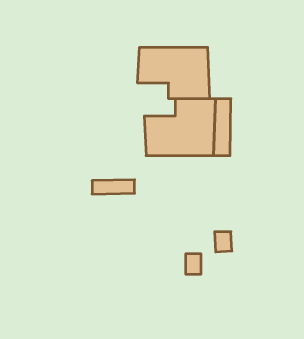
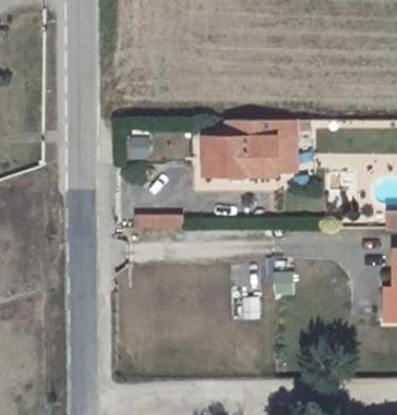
building: [138,47,209,99] -> none

